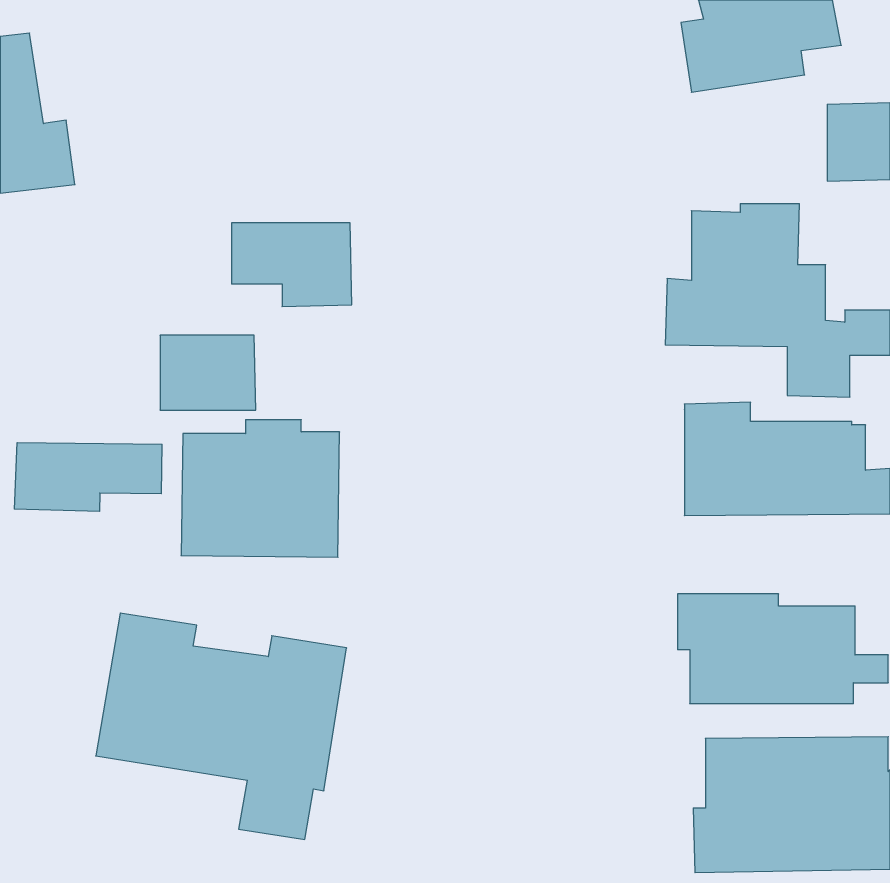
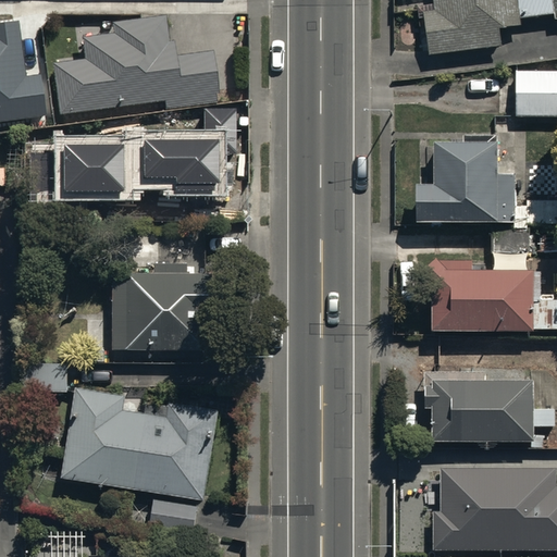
building: none -> [51,14,218,114]
building: [160,335,256,410] -> [65,148,125,195]
building: [14,443,162,511] -> none

